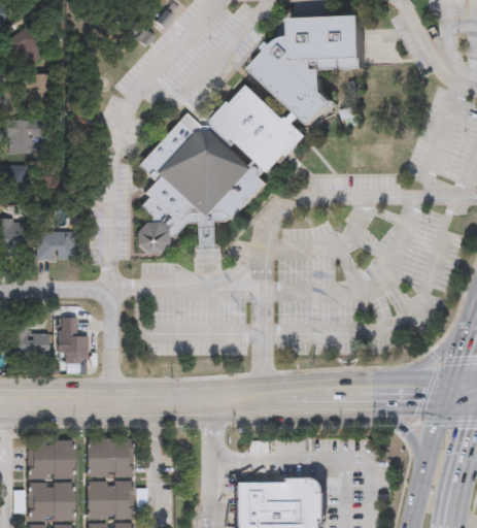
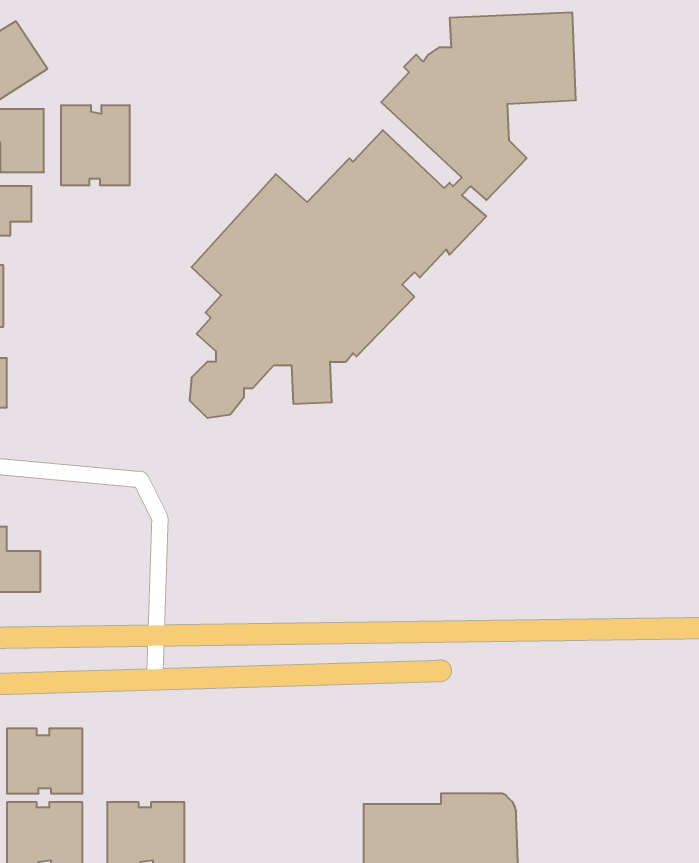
building: none -> [61,105,130,185]
building: [36,225,73,259] -> none
building: [62,318,87,363] -> none
building: [87,438,132,476] -> none

